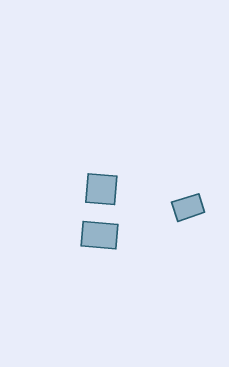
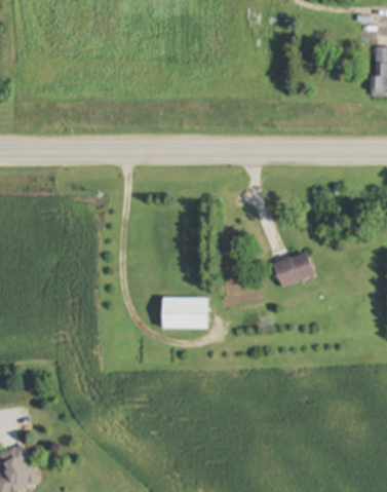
building: [86,174,117,205] -> none

